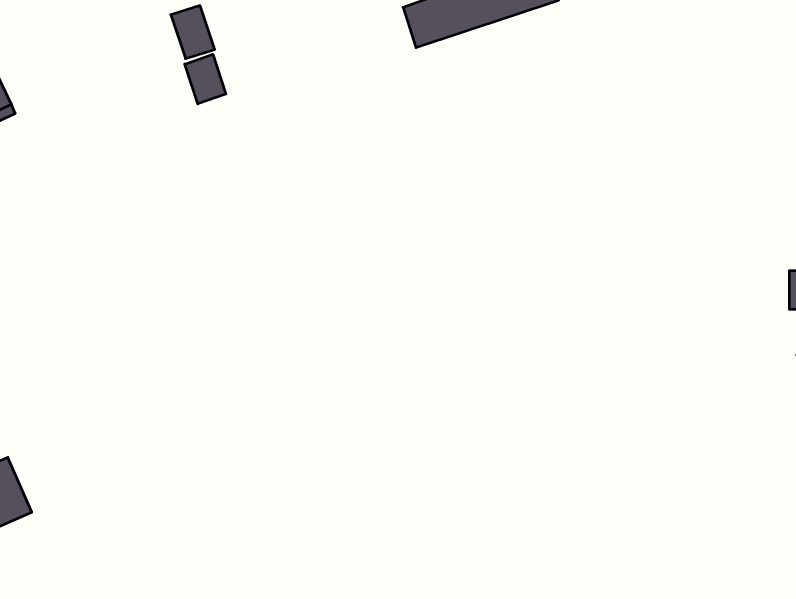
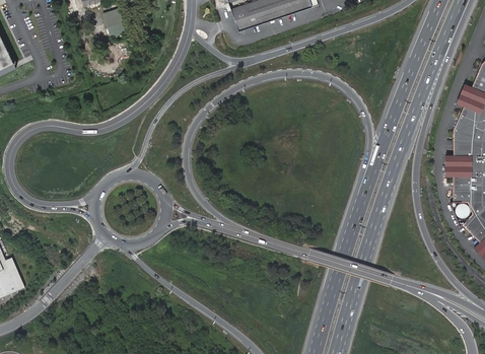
building: [185,54,226,104] -> none

